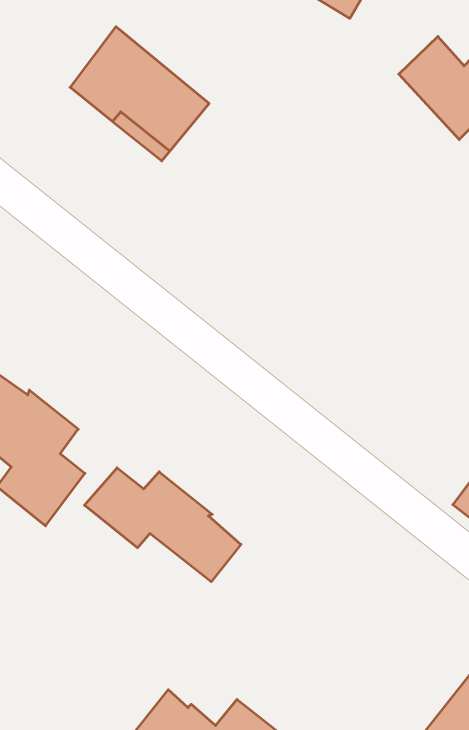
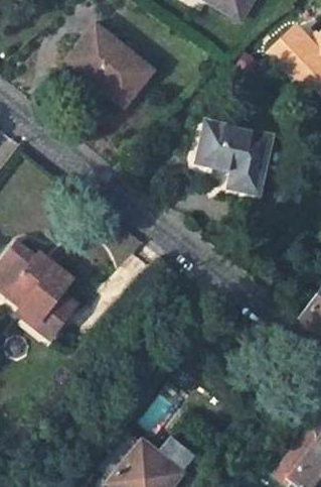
building: none -> [202,125,269,192]
building: [84,468,241,582] -> none

